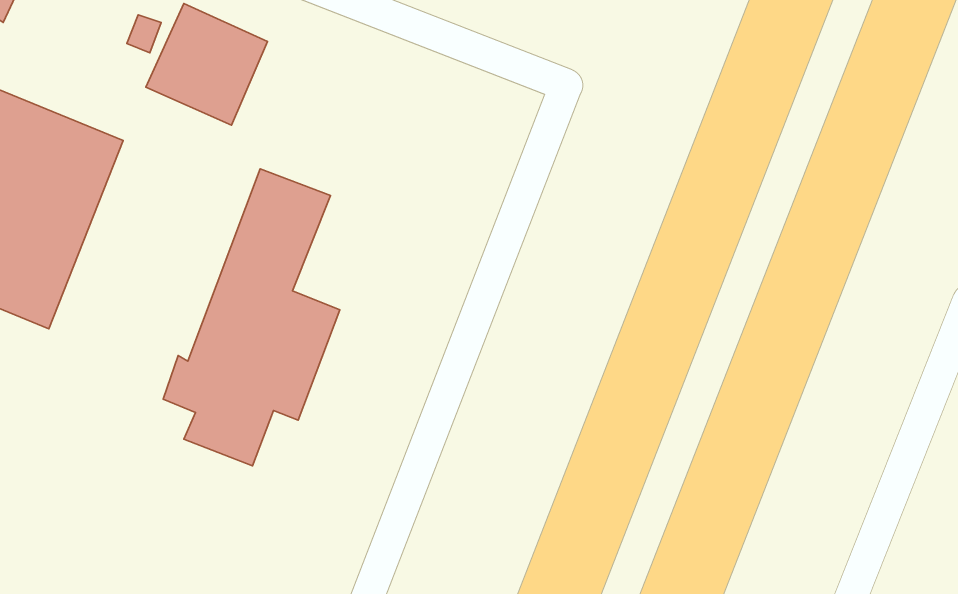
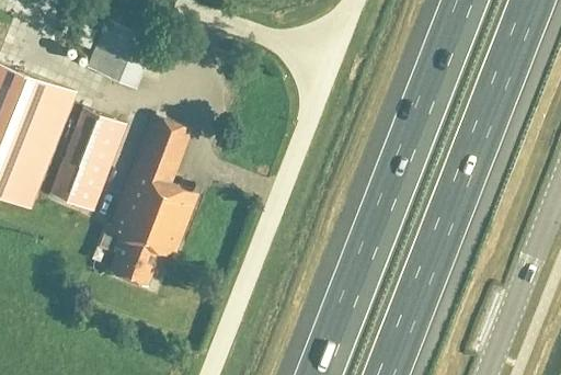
building: none -> [50,110,125,212]

